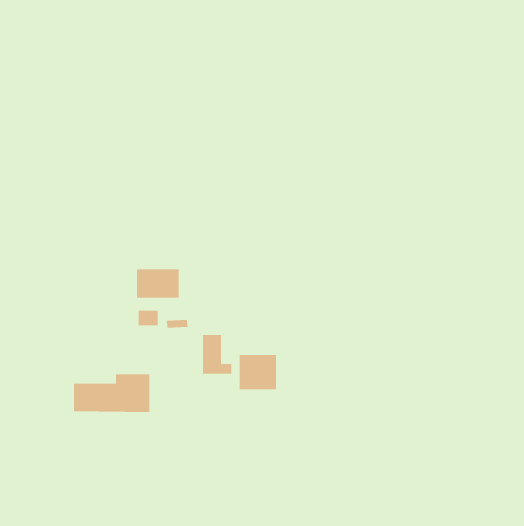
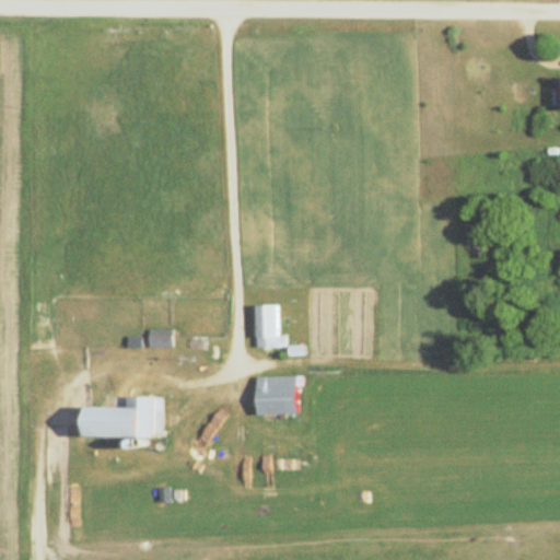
building: [136,268,179,298] -> none
building: [202,334,232,374] -> [255,305,287,348]

